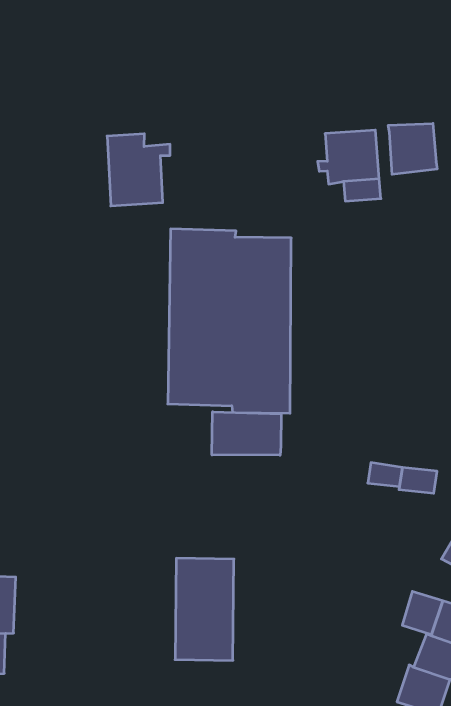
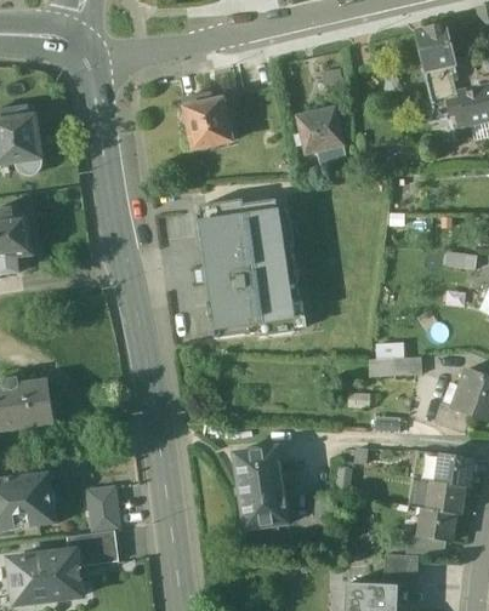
building: [388,123,437,174] -> none
building: [107,134,170,206] -> [182,92,232,150]
building: [212,412,281,455] -> none

